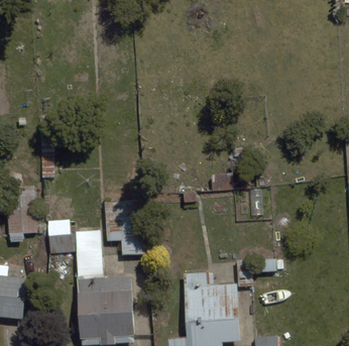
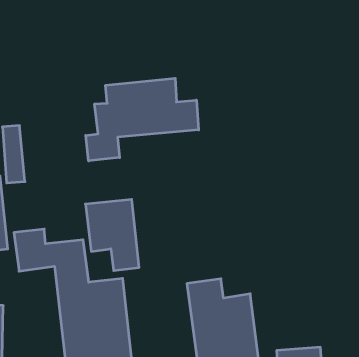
building: none -> [86,78,199,161]

